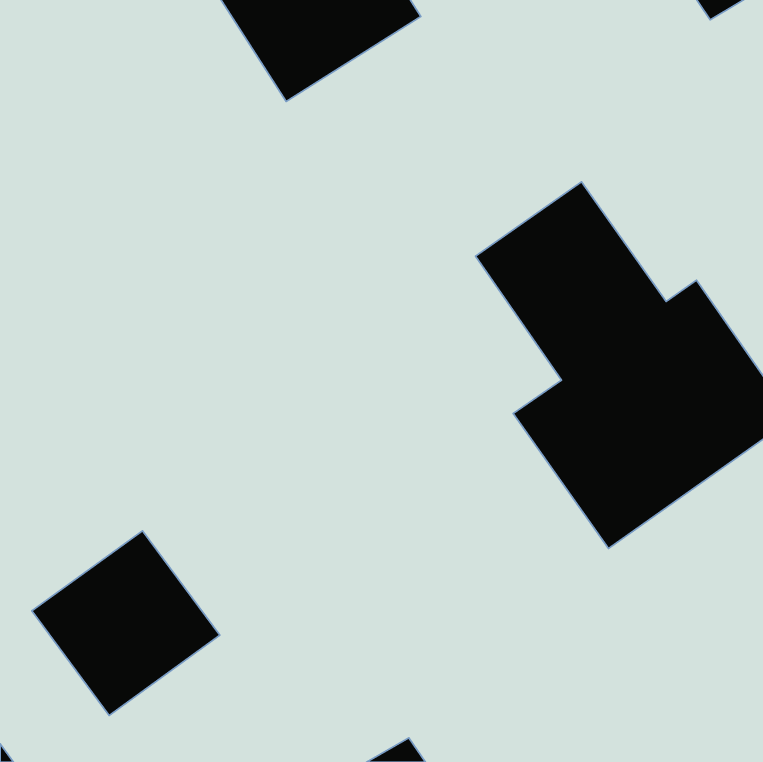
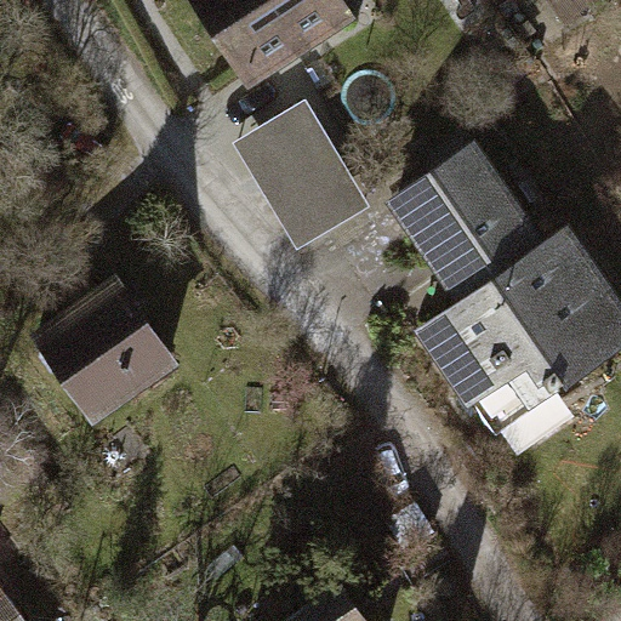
building: none -> [241,87,377,235]
building: [32,531,220,716] -> [23,284,173,432]

